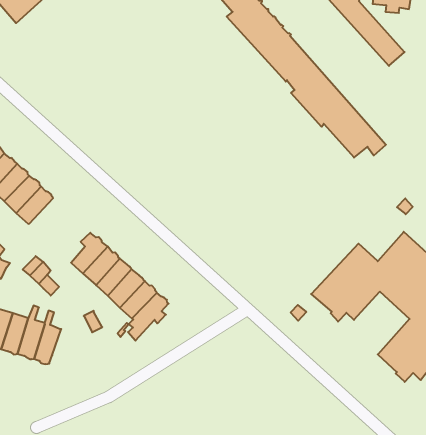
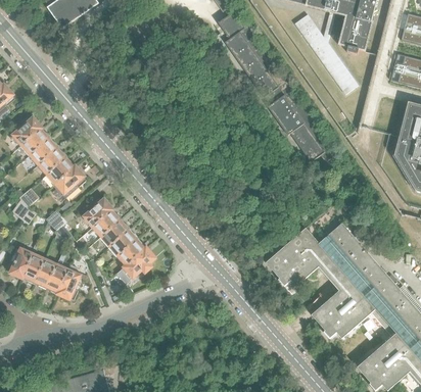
building: none -> [52,166,86,198]
building: none -> [57,263,81,299]

